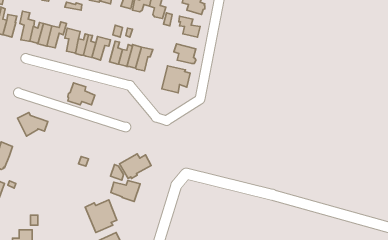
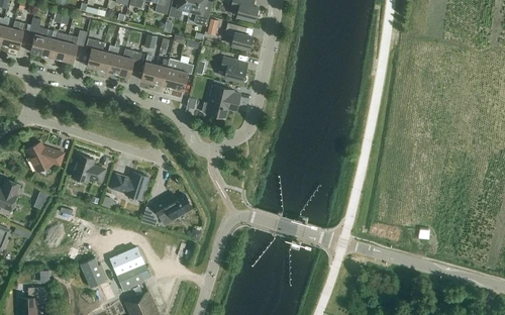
building: [68,83,95,105] -> [72,153,105,181]
building: [111,180,140,202] -> [112,172,148,198]
building: none -> [81,257,105,286]

